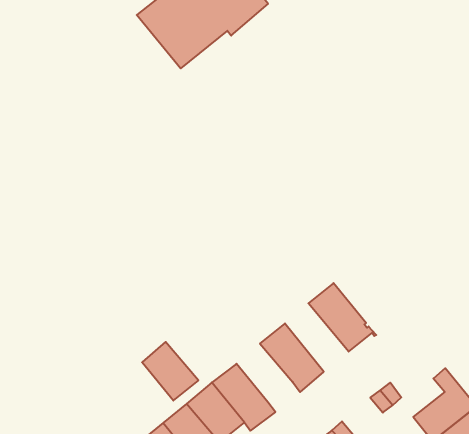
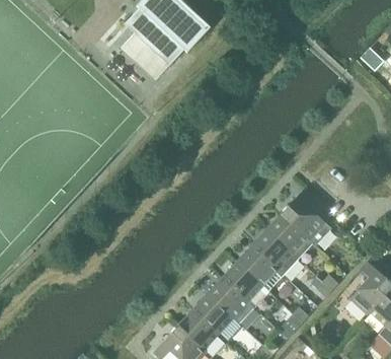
building: none -> [282,188,331,244]
building: none -> [252,229,299,275]
building: [142,342,198,401] -> [223,262,263,301]

